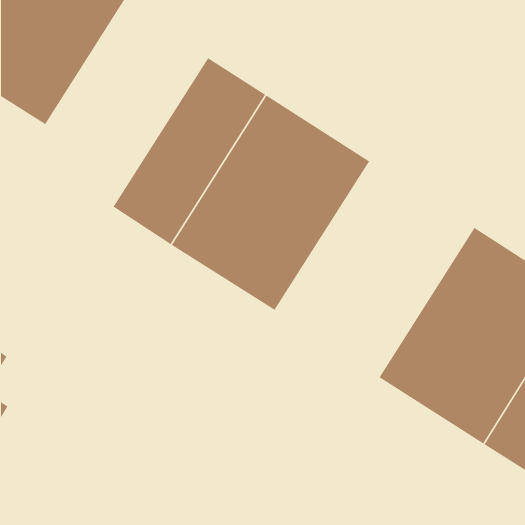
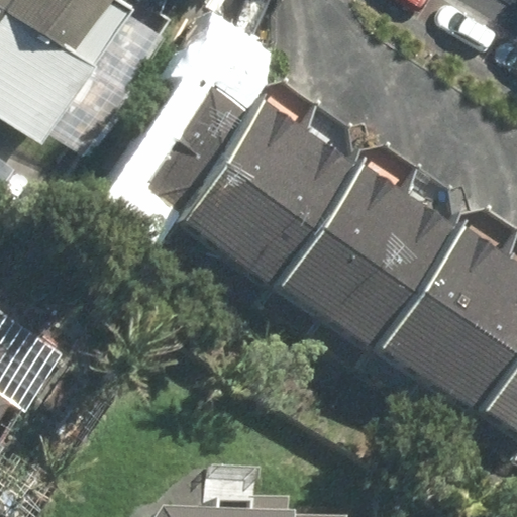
building: none -> [278,153,468,359]

